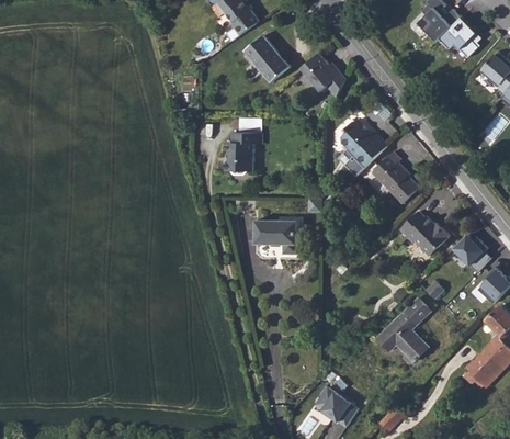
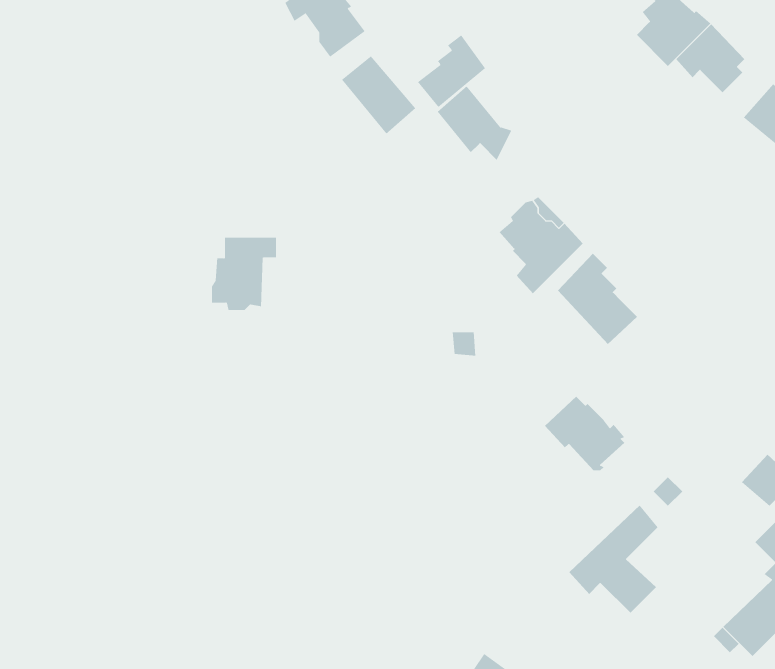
building: none -> [417,34,486,108]
building: [224,132,262,175] -> [211,237,277,311]
building: [399,211,446,255] -> [544,396,625,471]
building: [257,219,298,256] -> none
building: [454,233,491,272] -> none

